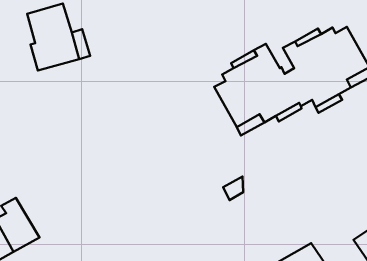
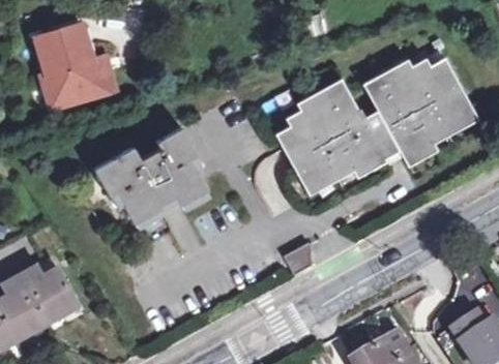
building: none -> [93,126,207,222]
building: none -> [21,264,82,325]

